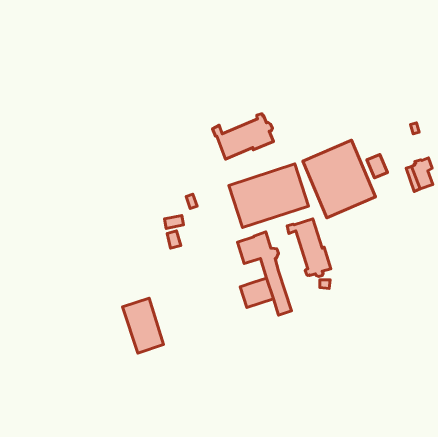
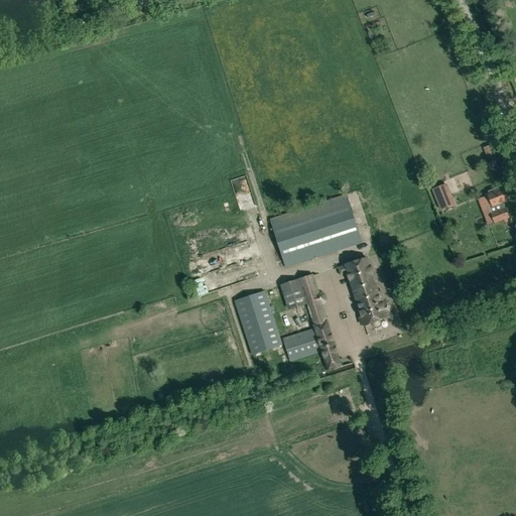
building: [213,114,273,159] -> none
building: [303,140,376,218] -> none
building: [122,298,164,353] -> [234,289,282,354]

